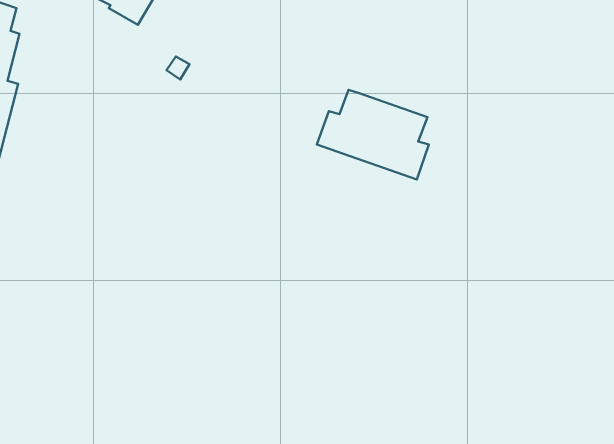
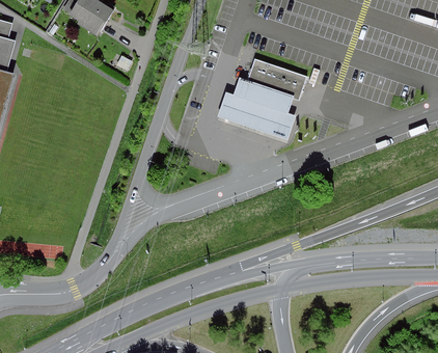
building: none -> [246,61,304,98]

